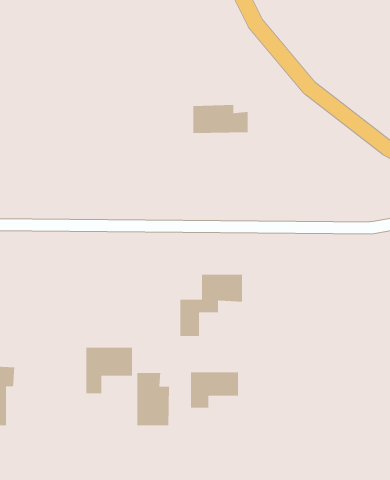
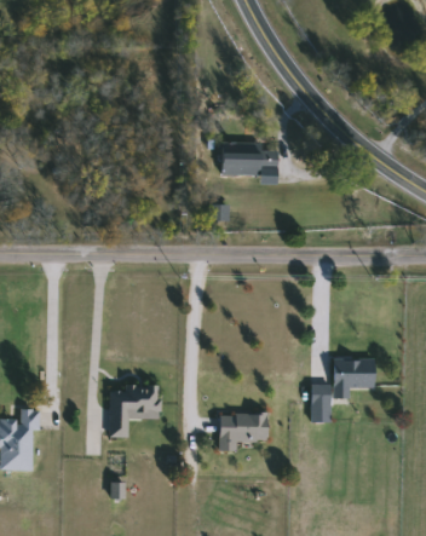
building: [180,274,243,337] -> [311,358,375,422]
building: [137,372,170,426] -> none

